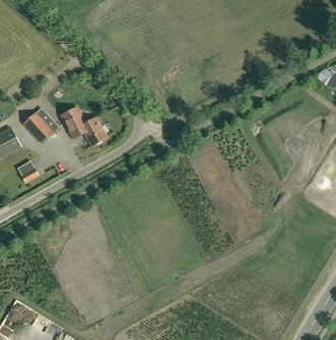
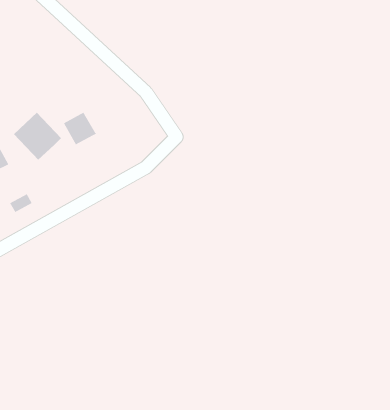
building: [70,117,107,145] -> none

